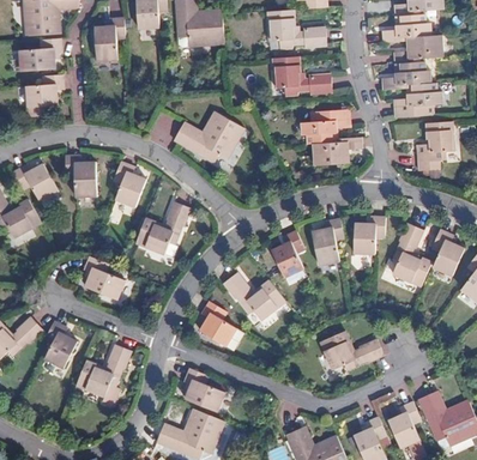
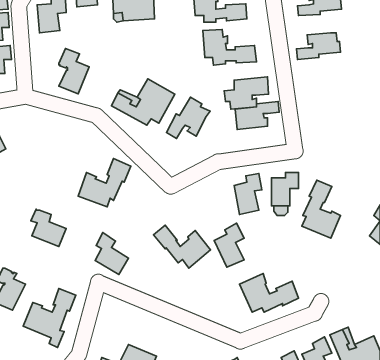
building: [392,34,441,62] -> none
building: [393,81,441,117] -> none
building: [417,120,454,170] -> none
building: none -> [166,97,210,139]
building: [64,153,96,195] -> none
building: [113,159,146,210] -> [59,49,89,94]
building: [430,228,464,276] -> none
building: [268,229,302,278] -> [214,223,244,267]
building: [199,301,236,347] -> [95,232,129,274]
building: [185,368,224,412] -> none

